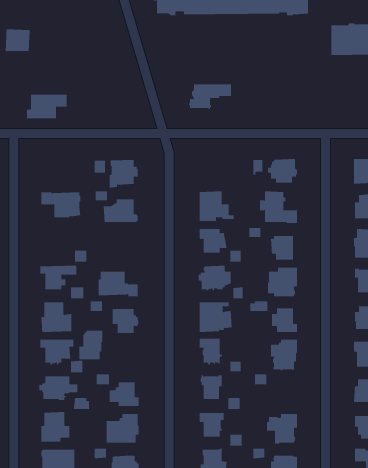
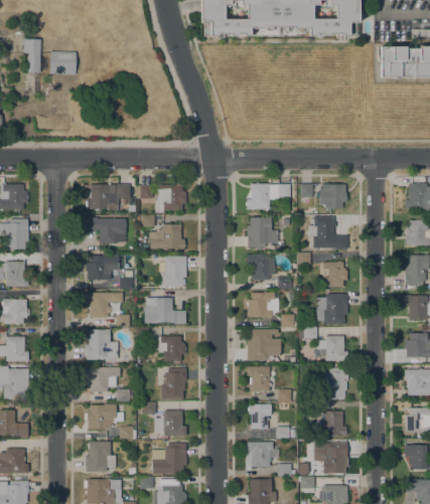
building: [188,84,232,109] -> [246,184,290,210]
building: [26,94,68,119] -> [87,184,129,209]
building: none -> [86,255,115,280]
building: none -> [158,257,186,288]
building: [79,330,103,360] -> [161,368,186,398]
building: none -> [324,410,347,436]

